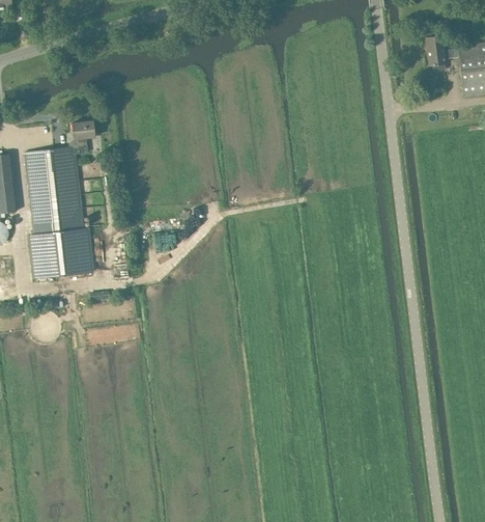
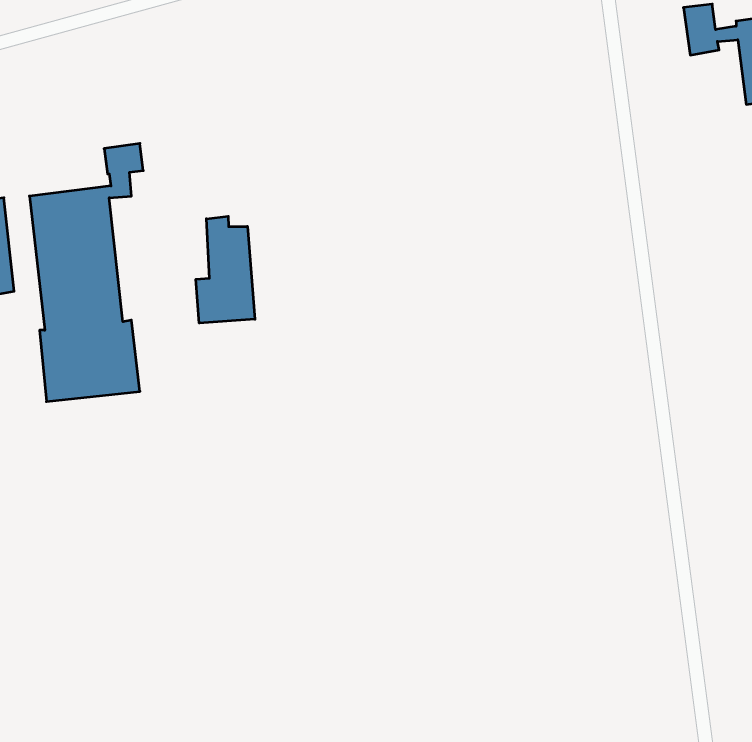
building: none -> [196,216,255,323]

